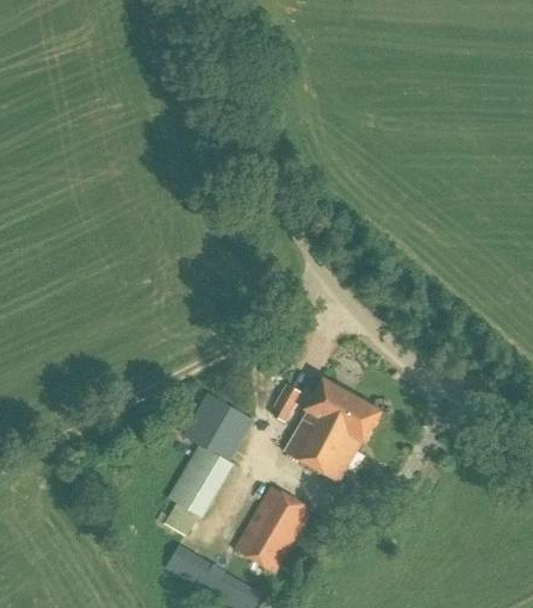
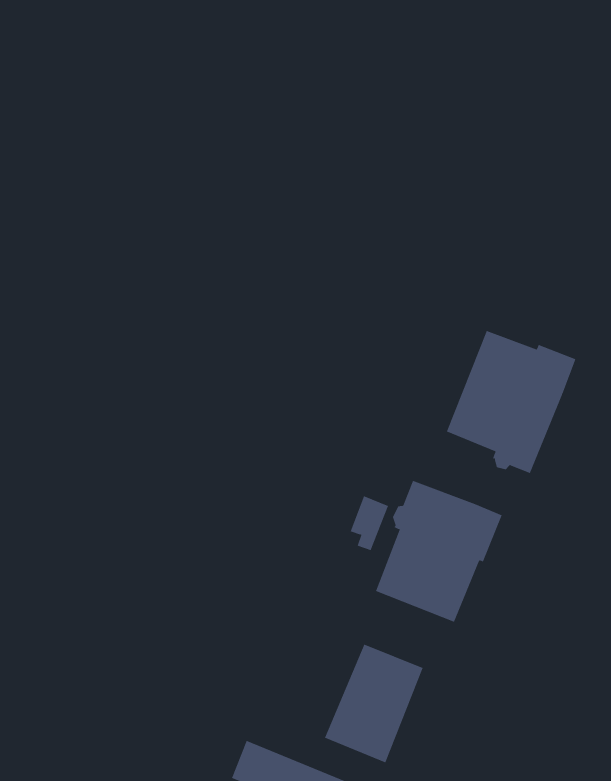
building: none -> [446,330,576,474]
building: [165,391,253,533] -> none

